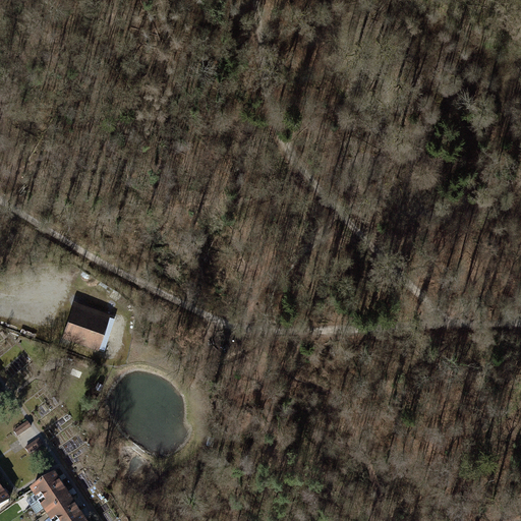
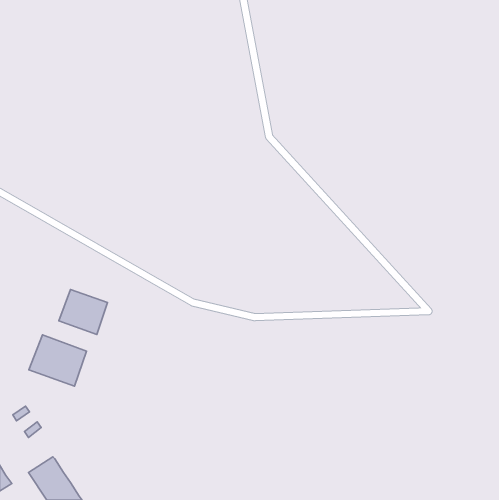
building: none -> [29,335,87,386]

